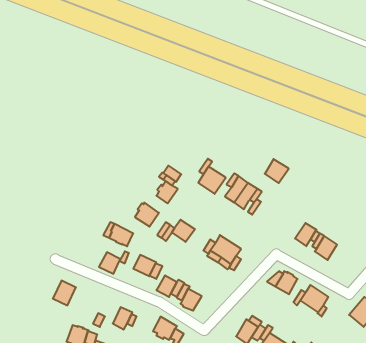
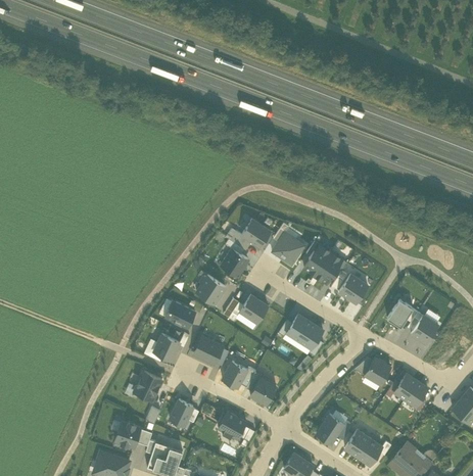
building: none -> [241,220,270,247]
building: [265,159,289,183] -> [339,275,368,303]
building: [53,281,76,305] -> [134,372,161,401]

